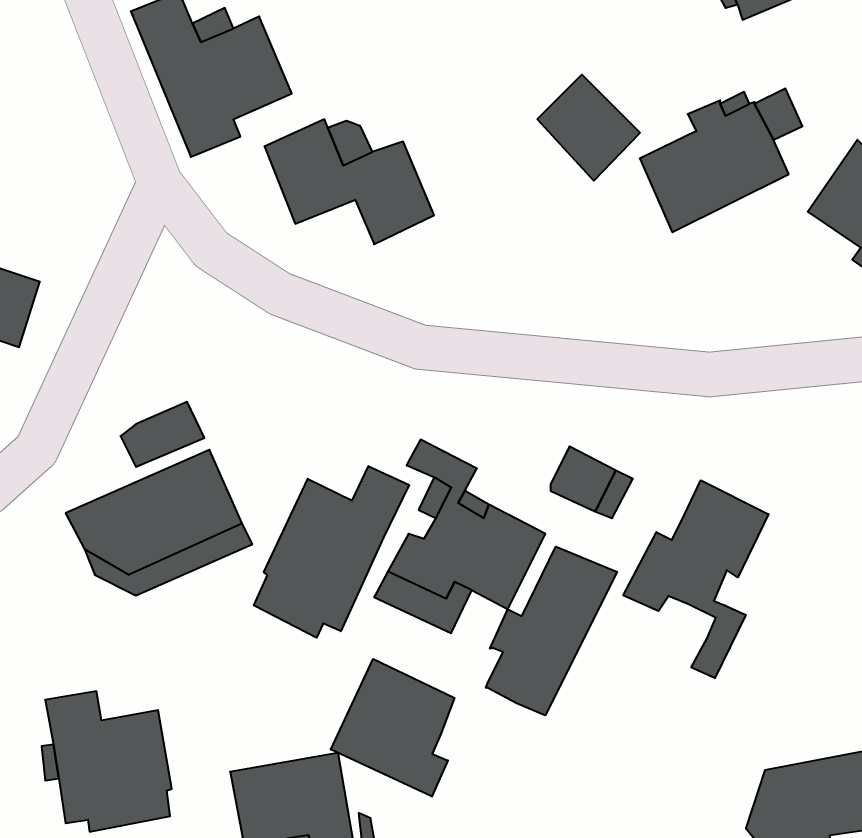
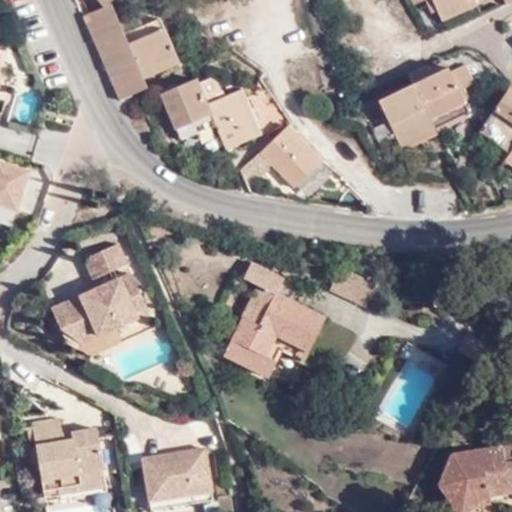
building: [537,75,640,181] -> [261,126,321,188]
building: [254,466,409,638] -> none
building: [623,480,769,678] -> none
building: [486,547,617,715] -> none
building: [331,659,455,797] -> none

